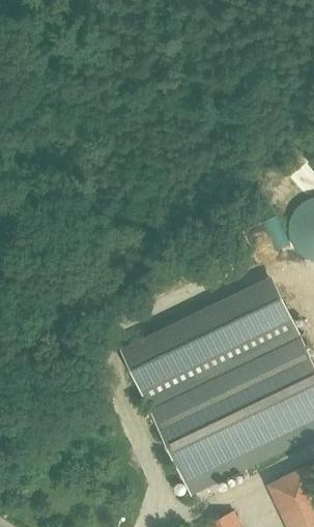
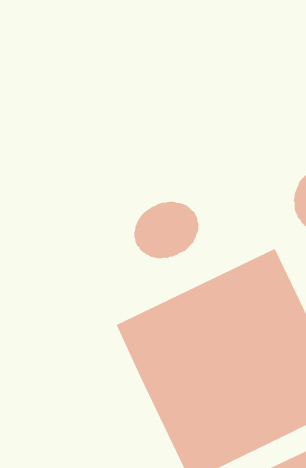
building: none -> [134,201,199,259]

